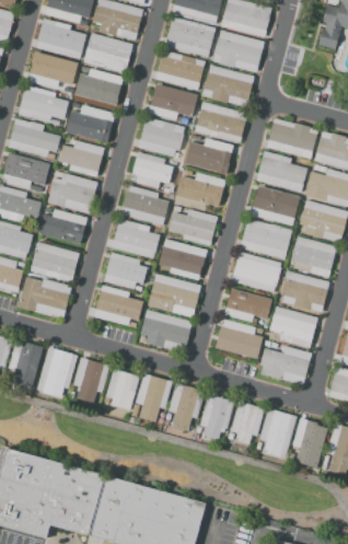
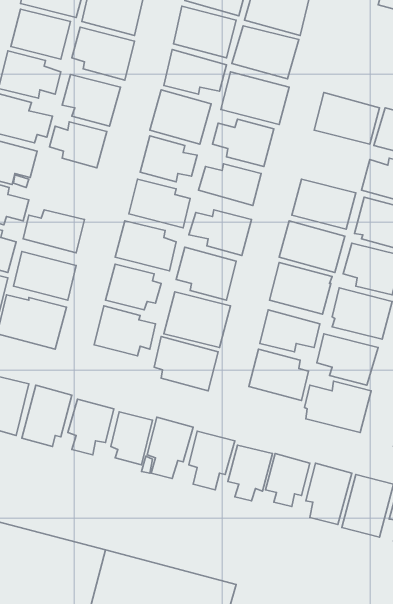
building: [256,151,306,193] -> none
building: [47,172,97,215] -> none

